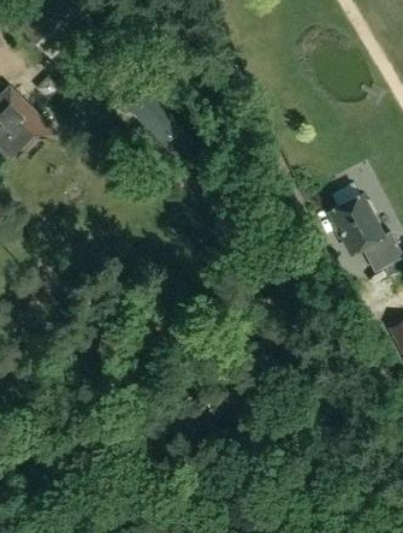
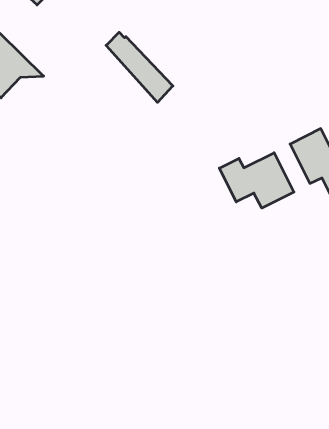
building: none -> [219,153,294,208]

